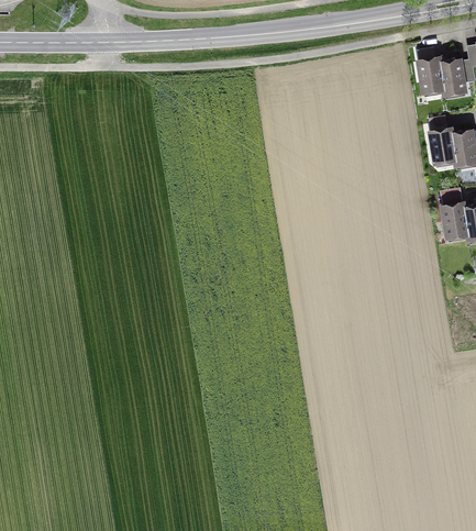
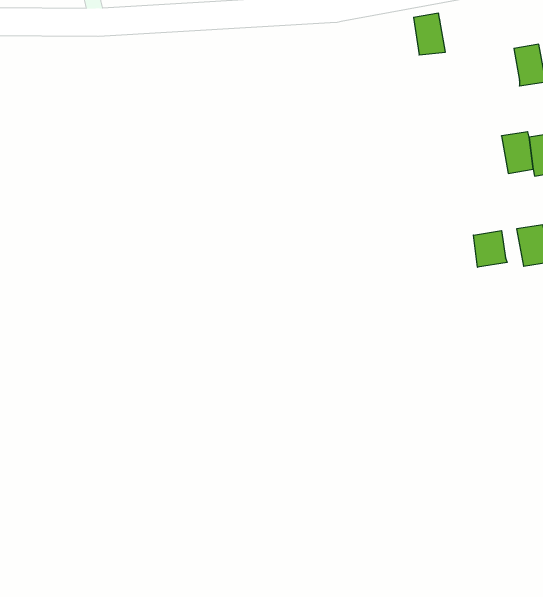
building: [419,59,444,92] -> [414,13,445,55]
building: none -> [473,231,507,267]

